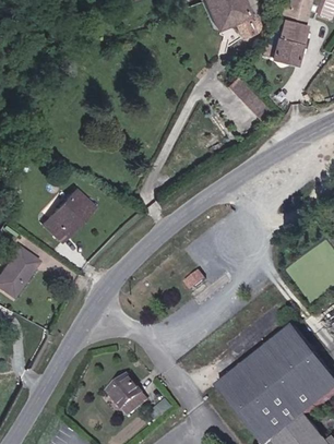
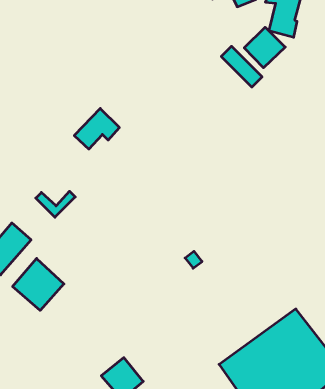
building: none -> [244,27,285,68]
building: [50,190,94,229] -> [74,108,119,149]
building: none -> [13,258,64,310]

